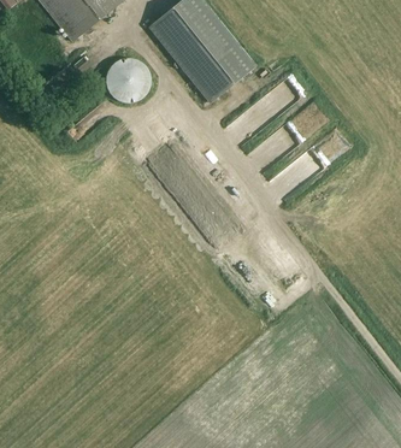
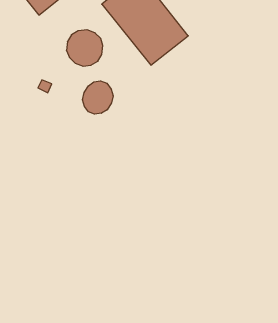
building: none -> [83,81,113,114]

